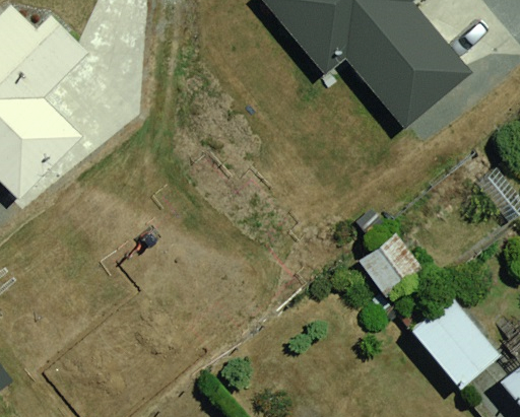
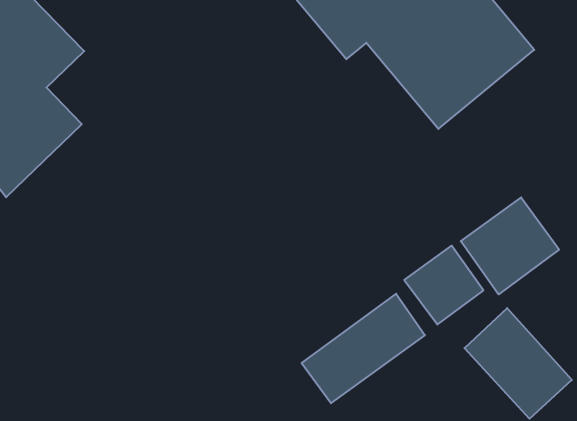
building: none -> [461,197,559,294]
building: none -> [302,294,425,403]

